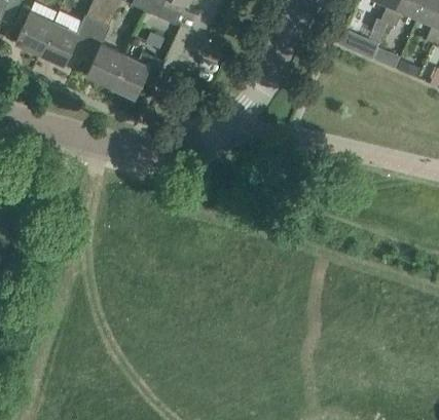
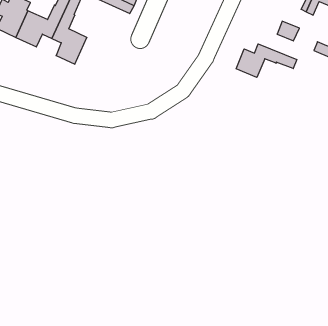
building: [110,52,164,98] -> none
building: none -> [236,44,297,77]

